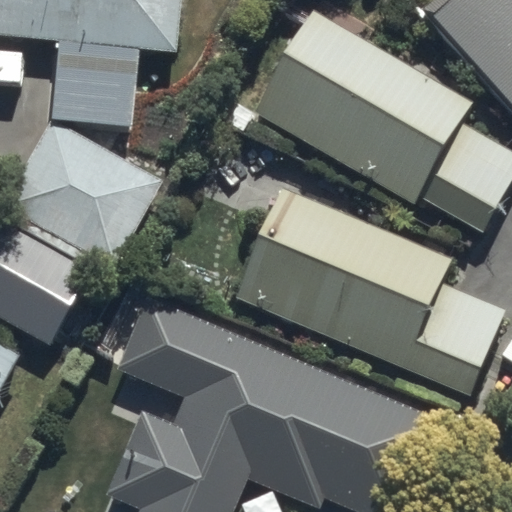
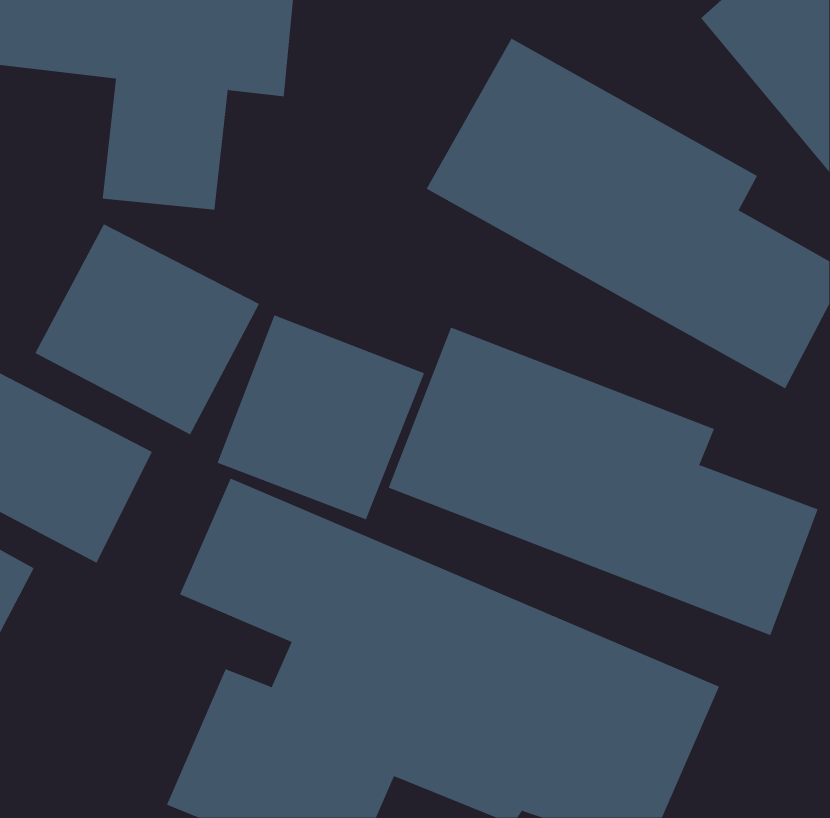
building: none -> [217,314,425,520]

